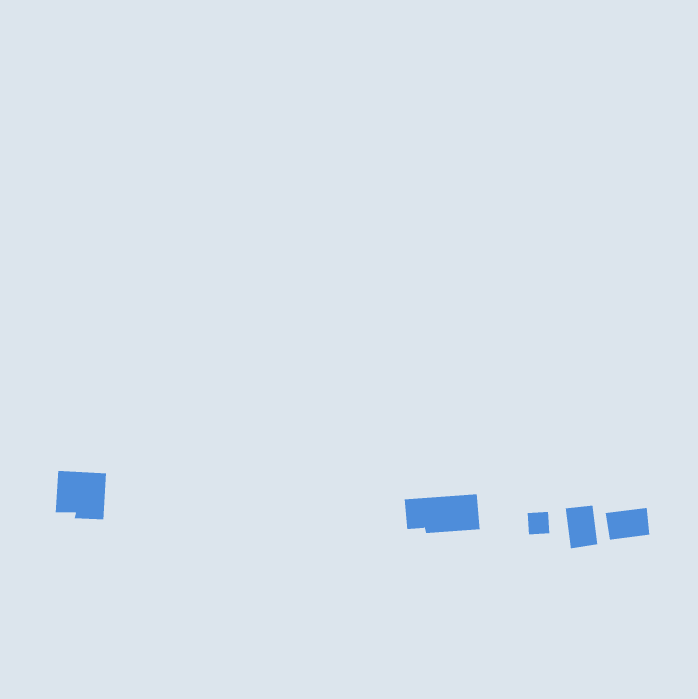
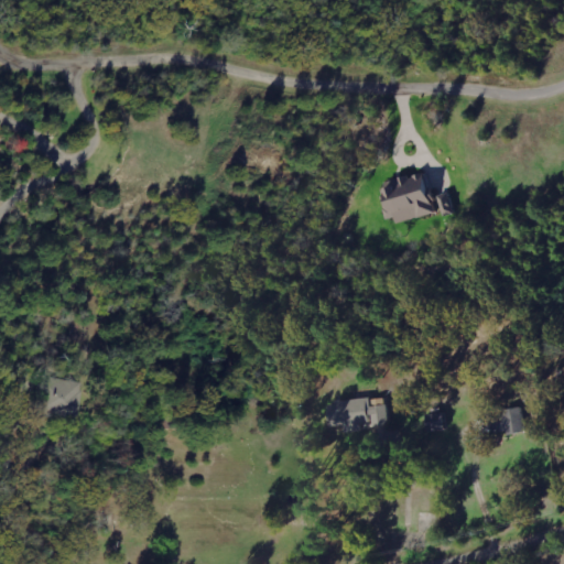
building: none -> [380,172,454,224]
building: [565,505,598,549] -> none

